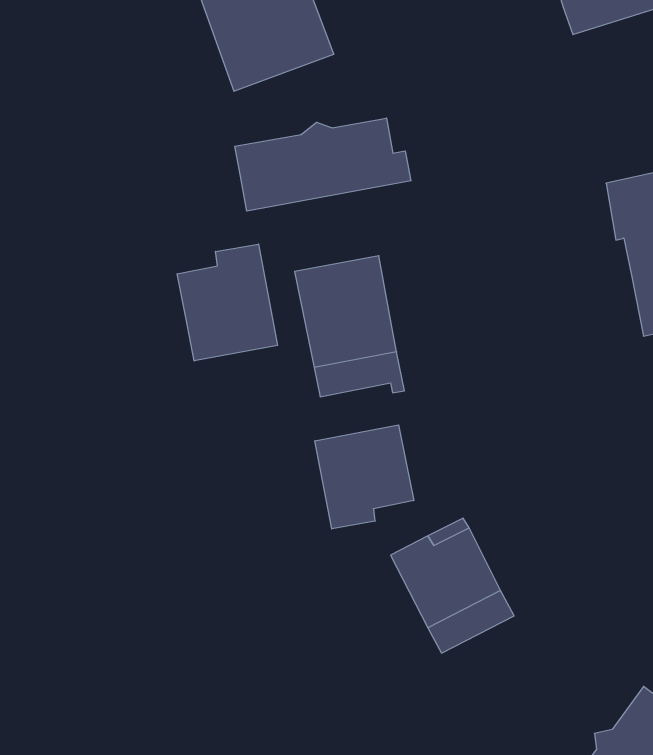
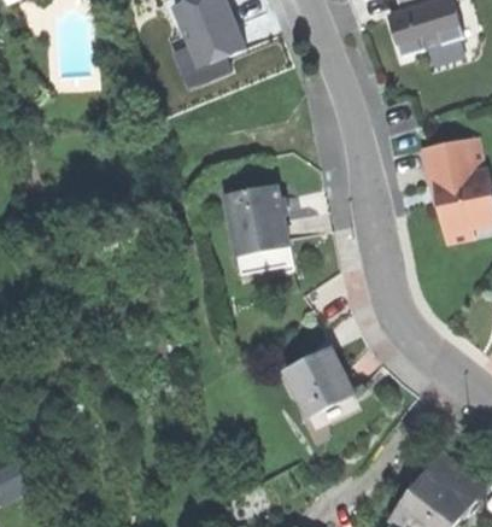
building: [235,118,411,211] -> none
building: [177,244,277,361] -> none
building: [315,425,414,529] -> none

